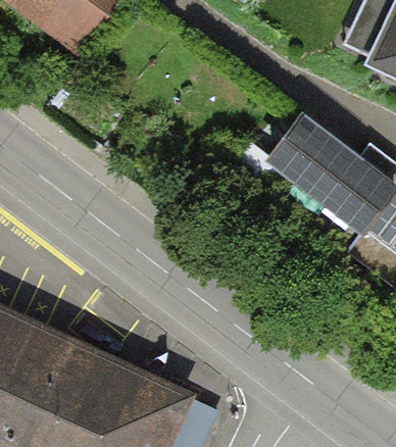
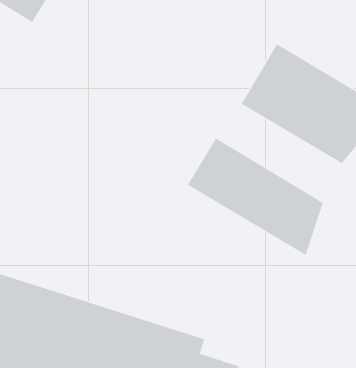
building: none -> [187,138,324,256]

